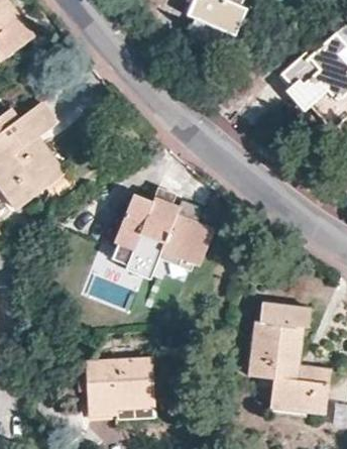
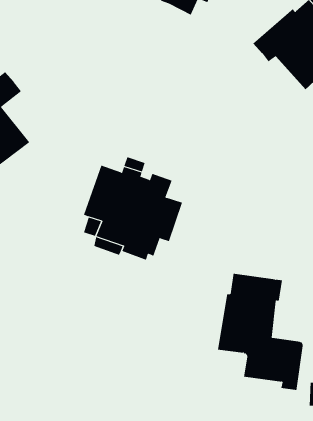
building: [78,358,154,424] -> none

